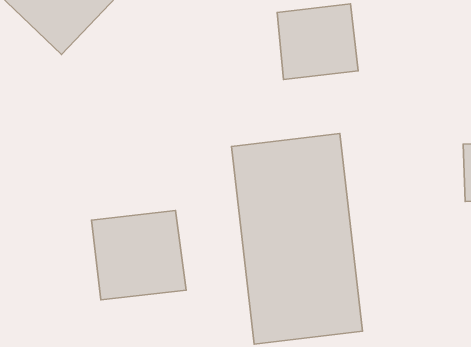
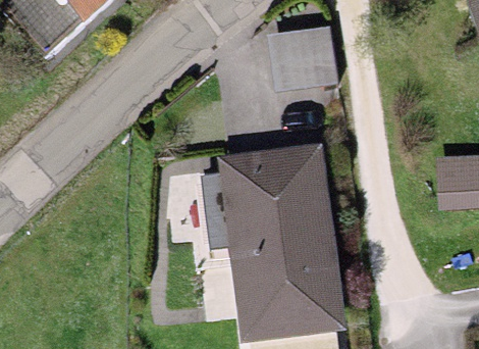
building: [91,211,186,300] -> none

